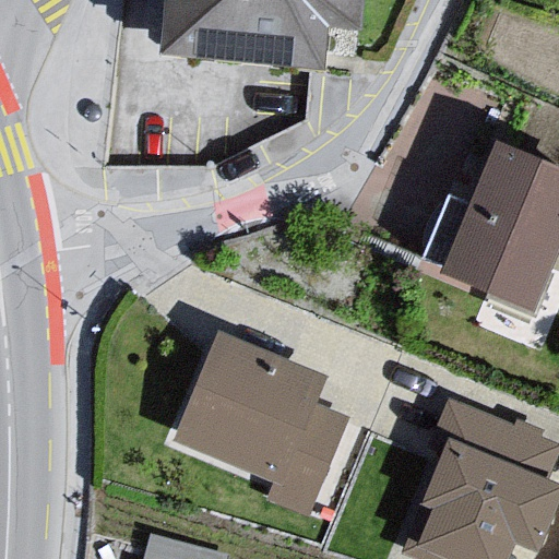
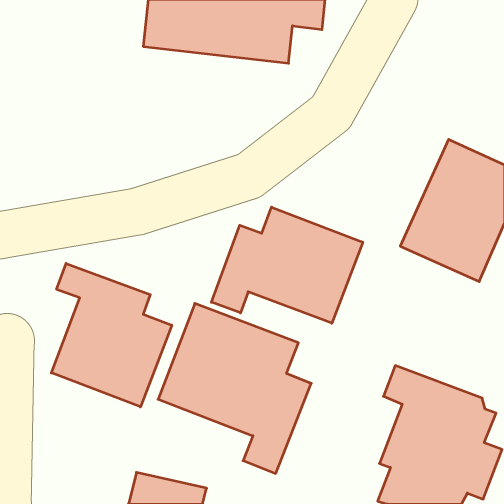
building: none -> [211,207,363,323]
building: none -> [51,263,172,407]

